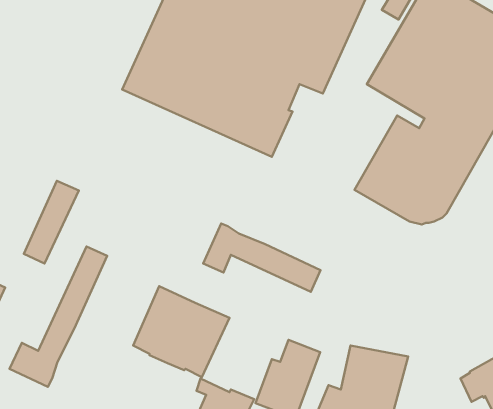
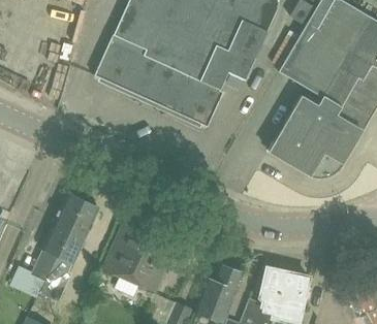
building: [24,181,79,264] -> [58,200,99,262]
building: [203,224,320,292] -> none

